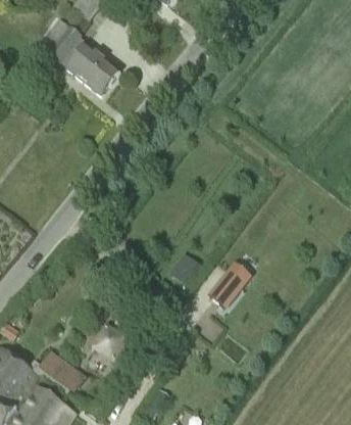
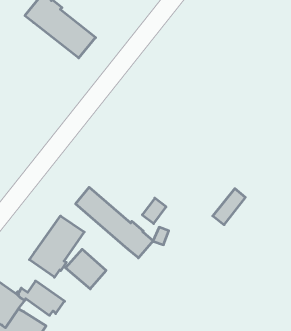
building: none -> [76,187,153,258]
building: [210,263,248,304] -> [213,189,245,225]
building: none -> [29,216,84,277]

